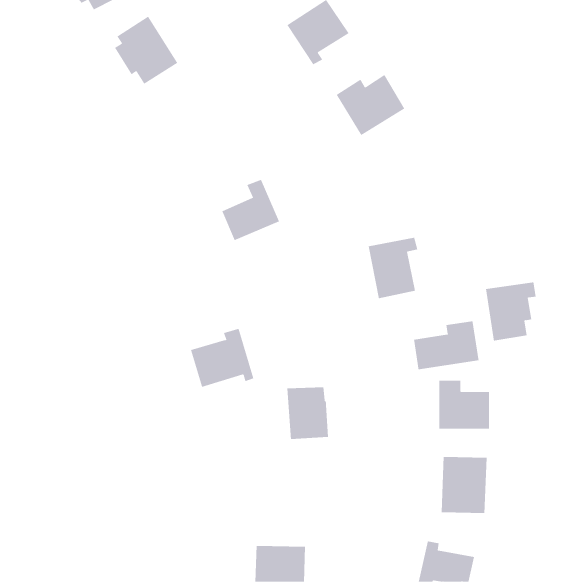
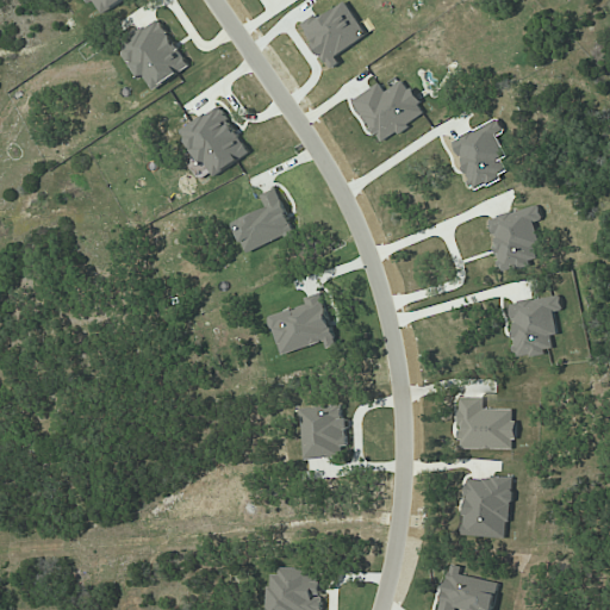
building: none -> [178,106,244,173]
building: none -> [449,118,505,189]
building: [368,237,418,299] -> [487,206,540,270]
building: [413,320,479,370] -> none
building: [190,328,254,387] -> [267,292,334,354]

